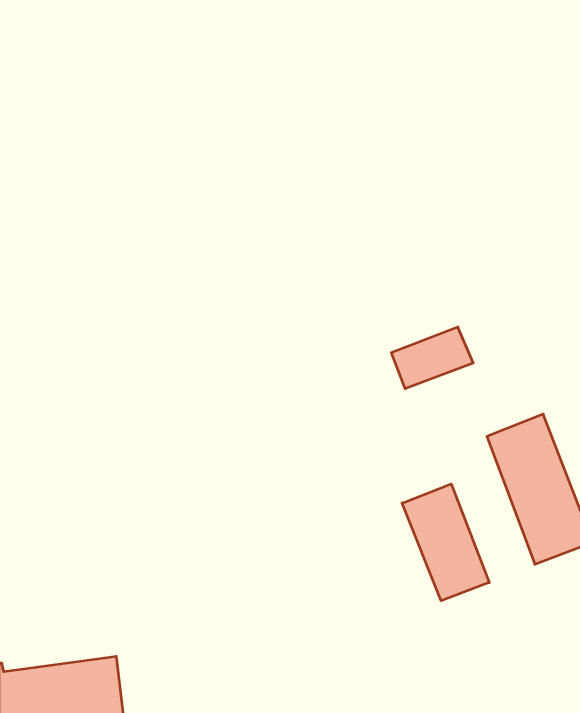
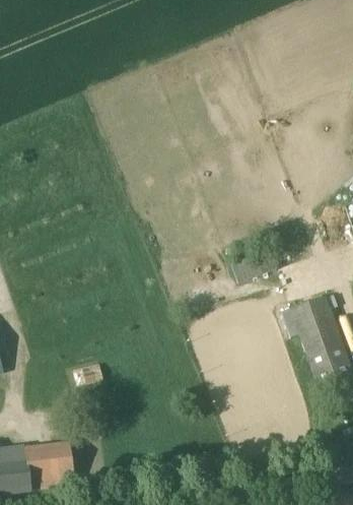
building: [402,484,489,601] -> none

